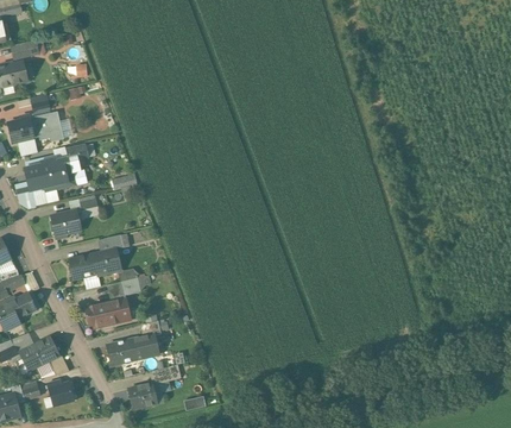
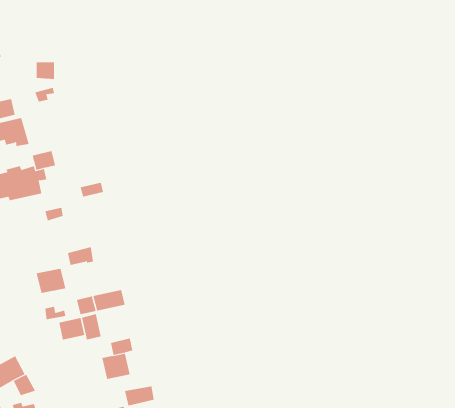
building: [49,208,80,234] -> none
building: [93,248,120,276] -> none
building: [106,339,135,365] -> none

